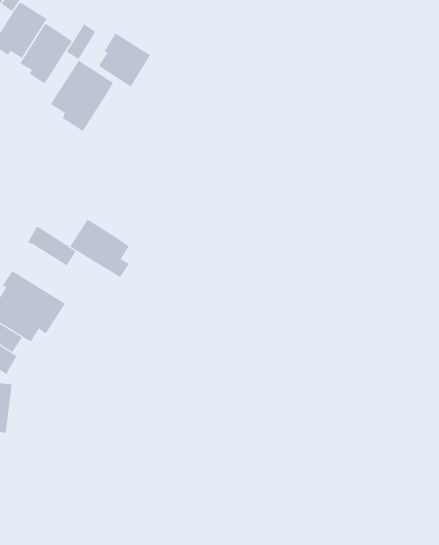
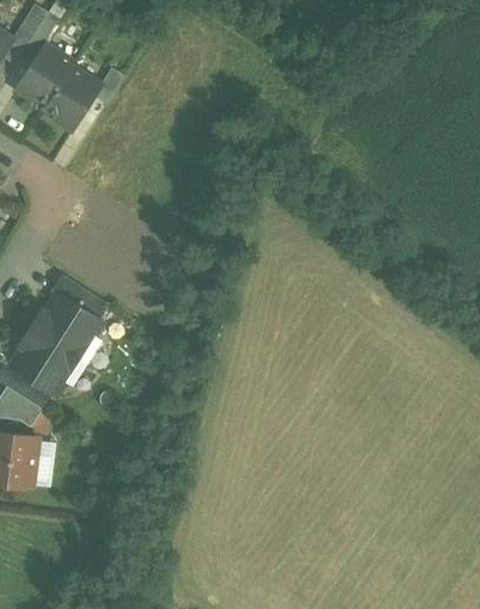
building: [98,33,151,89] -> none
building: [47,60,114,132] -> none
building: [69,218,130,278] -> [39,293,101,353]

